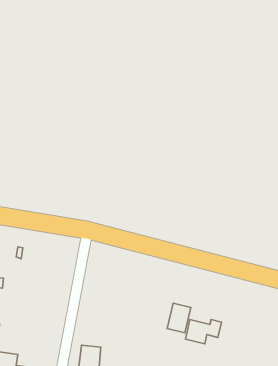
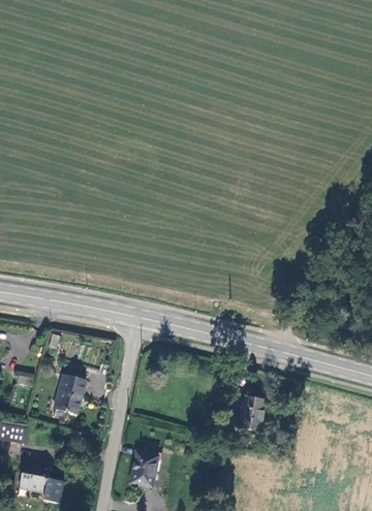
building: none -> [56,373,89,414]
building: [185,320,221,344] -> none

